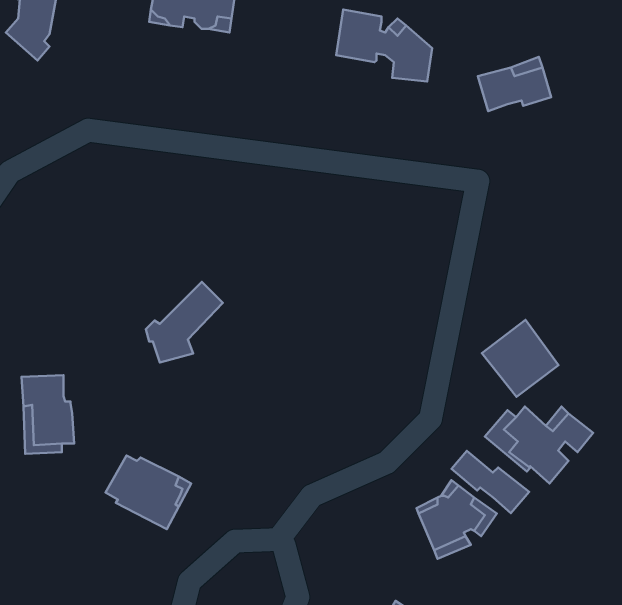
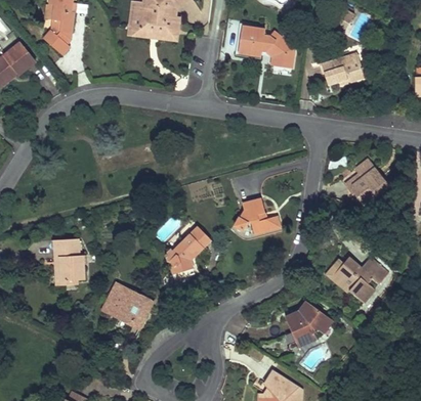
building: [146,282,223,362] -> [165,226,210,273]
building: none -> [234,197,280,232]
building: [482,320,559,397] -> [342,159,387,204]
building: [451,451,529,513] -> none

